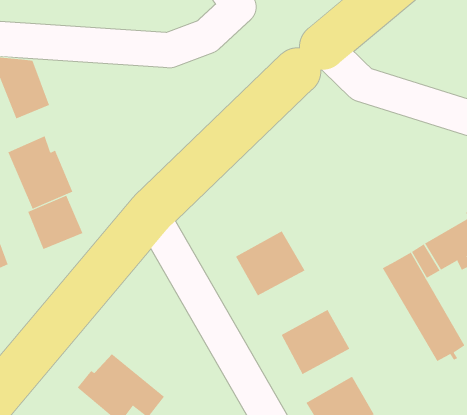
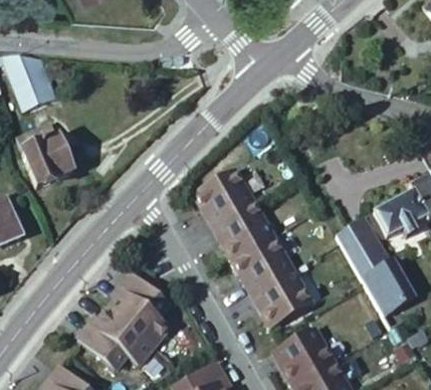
building: none -> [193,171,253,226]
building: [28,195,83,250] -> none
building: none -> [232,238,292,294]
building: none -> [107,274,169,347]

